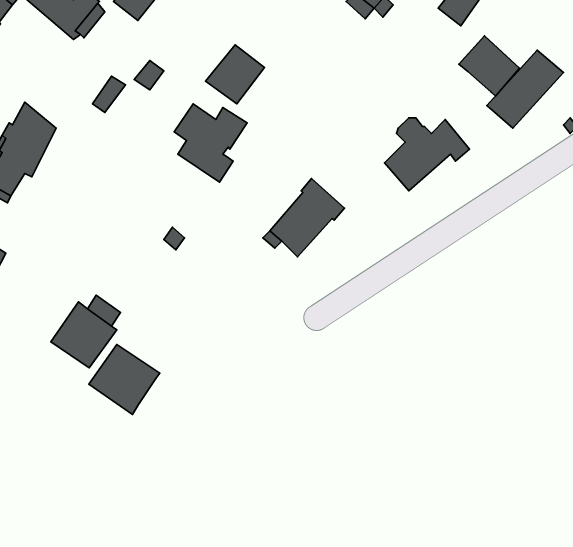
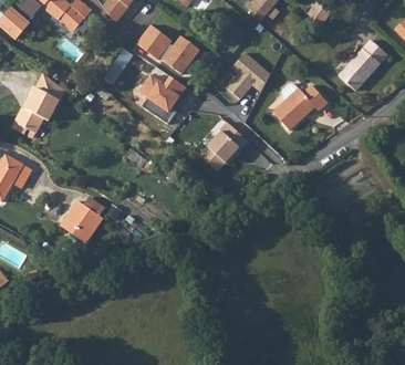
building: none -> [137,24,173,59]
building: [459,36,520,96] -> none
building: none -> [222,53,266,101]
building: [89,345,160,414] -> none

